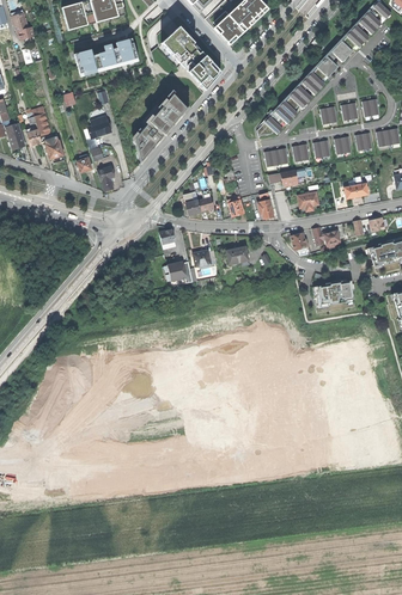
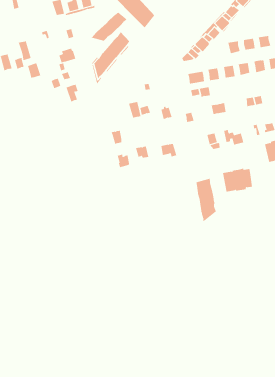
building: none -> [90,11,128,42]
building: none -> [196,178,216,222]

